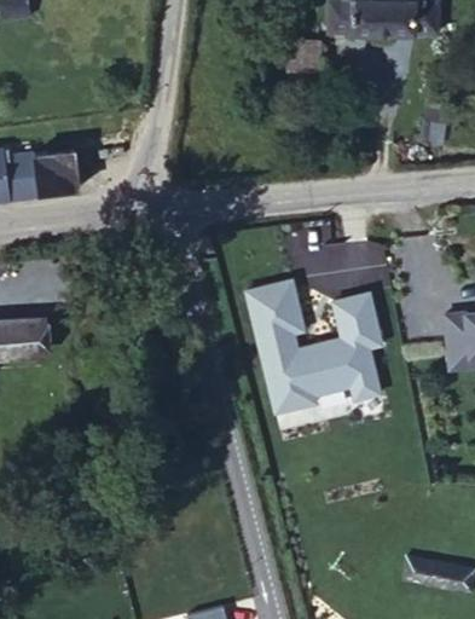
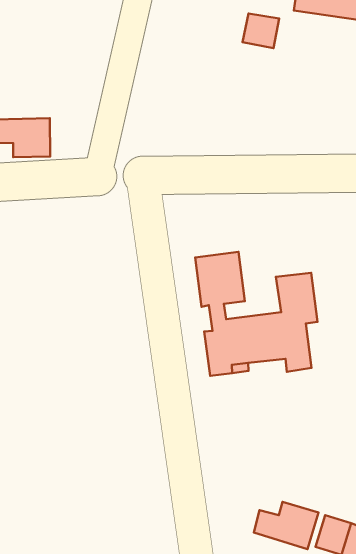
building: none -> [254,502,318,549]

